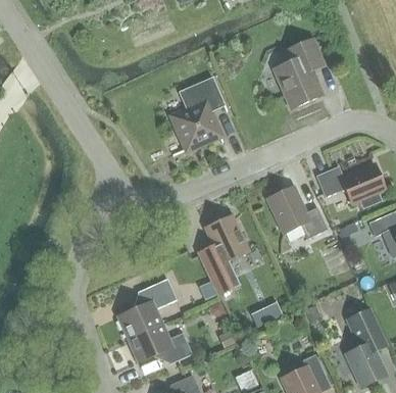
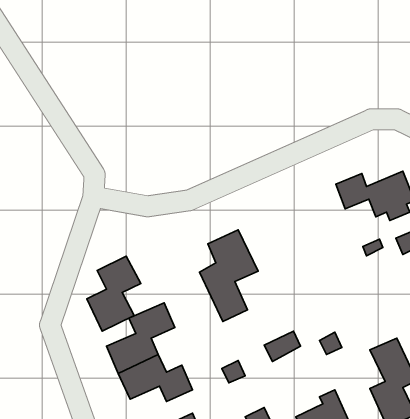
building: [274,40,320,108] -> none
building: [171,78,226,155] -> none
building: [266,186,327,239] -> none
building: none -> [87,256,141,331]

